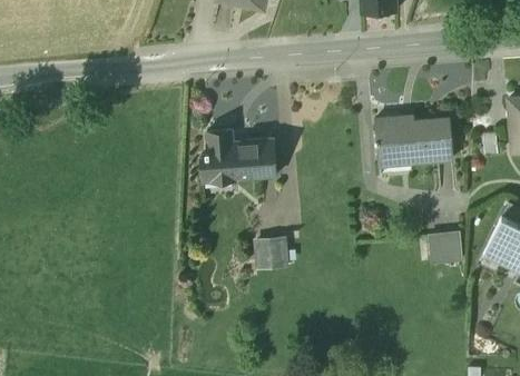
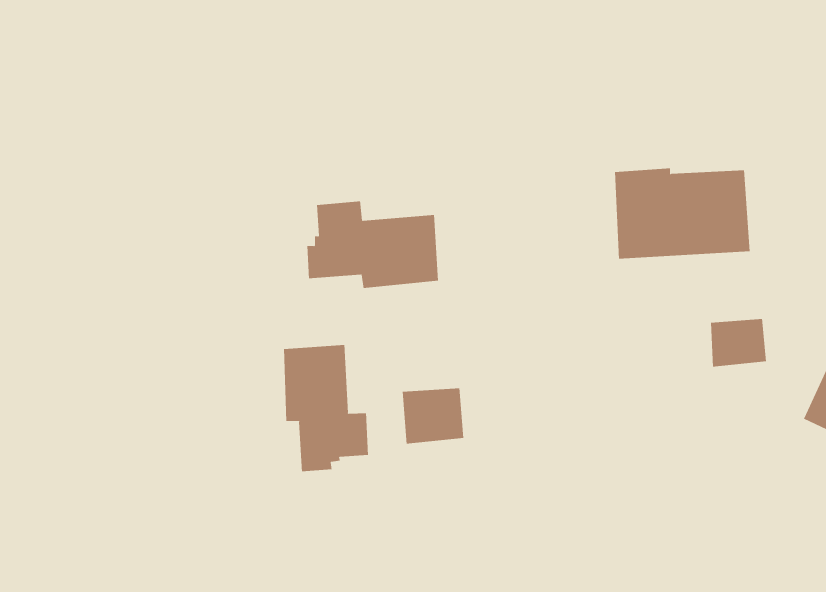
building: none -> [283,344,369,472]
building: [429,236,461,264] -> [710,319,767,367]

